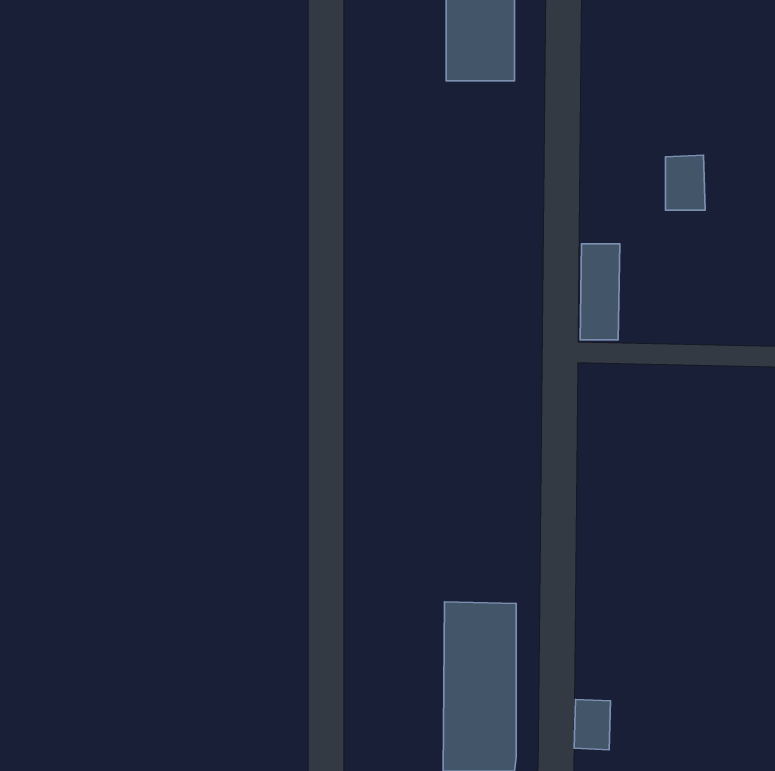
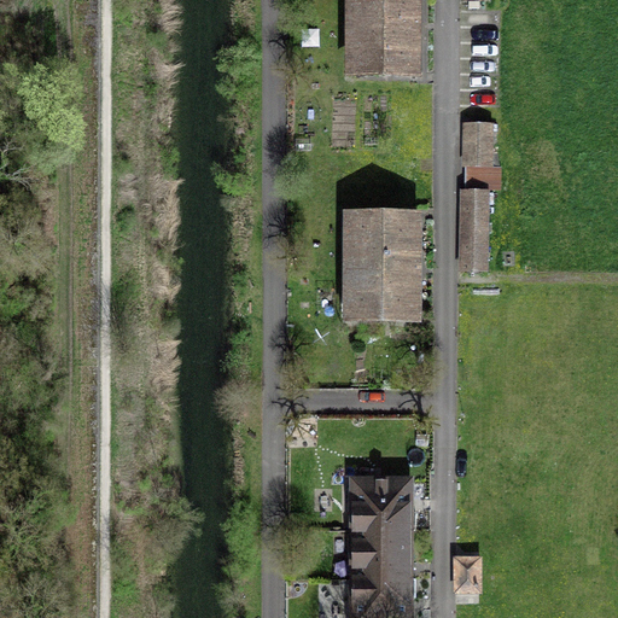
building: [665,155,705,210] -> [462,126,494,169]
building: none -> [352,215,409,313]

